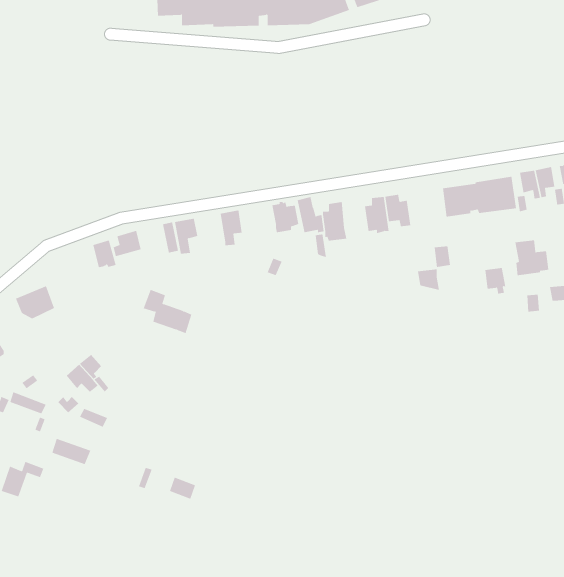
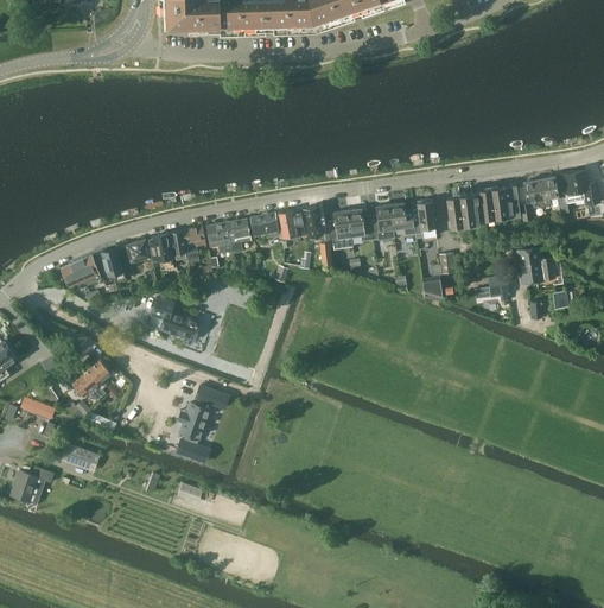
building: none -> [412,198,434,233]
building: none -> [348,208,373,240]
building: none -> [250,211,278,236]
building: none -> [205,221,231,252]
building: none -> [150,233,173,267]
building: [15,285,55,319] -> [61,255,100,289]
building: none -> [177,385,229,455]

